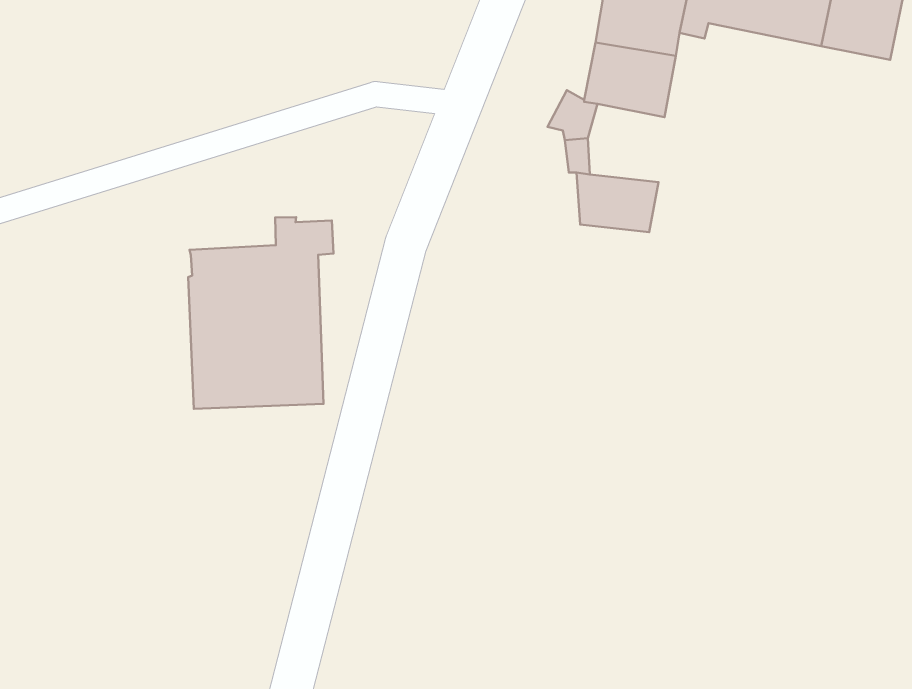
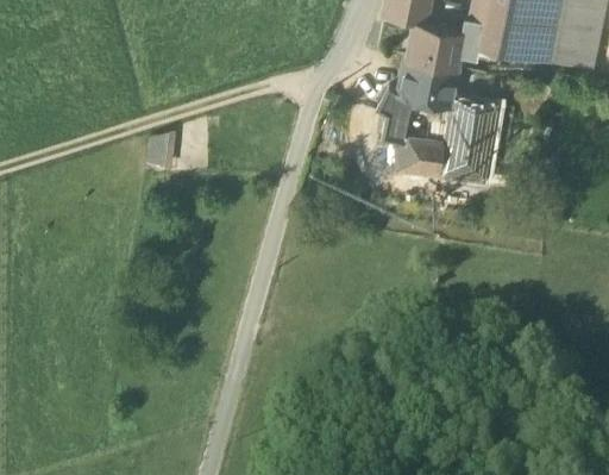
building: none -> [442,102,496,182]
building: none -> [149,131,175,164]
building: [188,217,334,409] -> none

